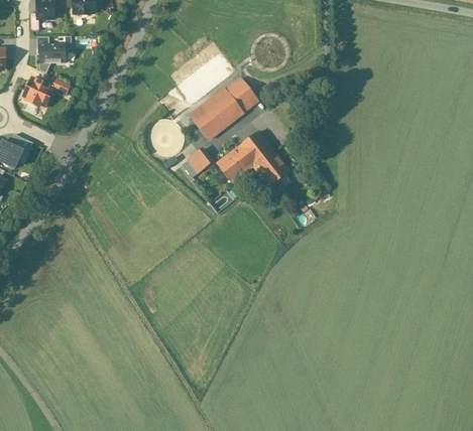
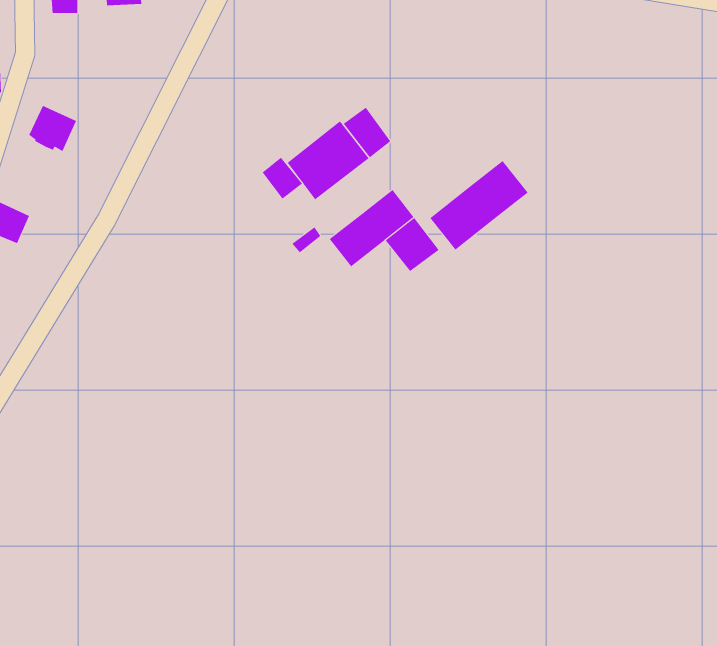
building: [37,43,66,63] -> none
building: none -> [262,157,303,199]
building: none -> [430,160,529,250]

